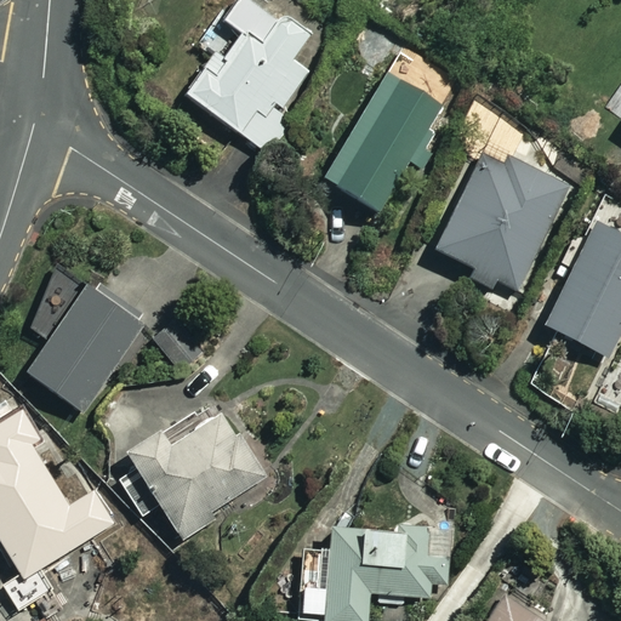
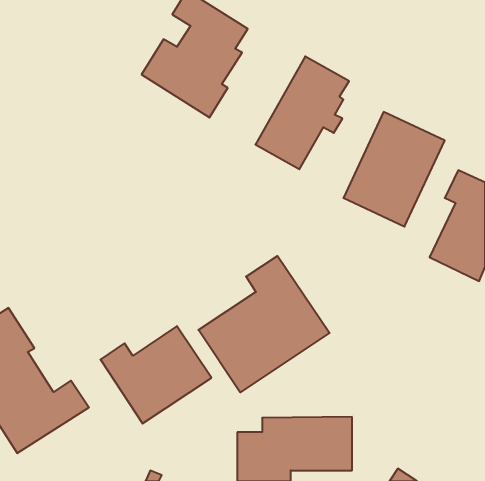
building: [24,267,144,414] -> none
building: none -> [198,256,330,392]

